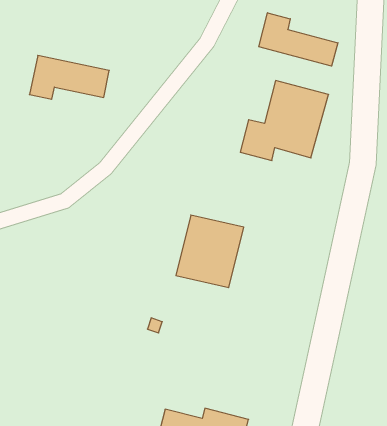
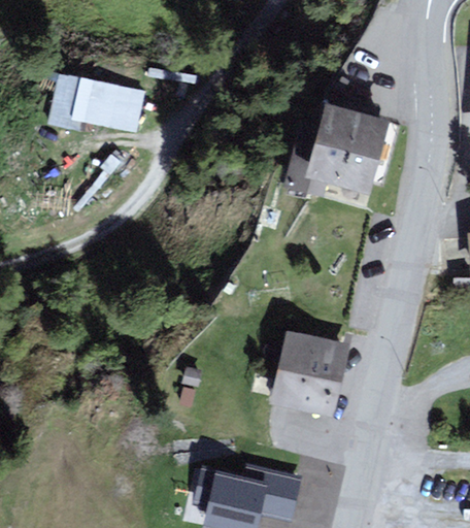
building: [259,13,338,66] -> none
building: [176,215,244,288] -> [273,331,348,411]

